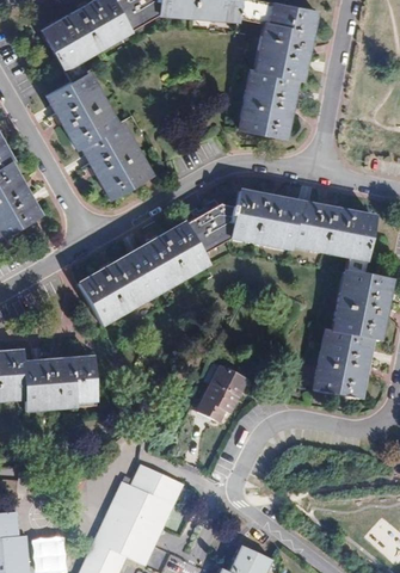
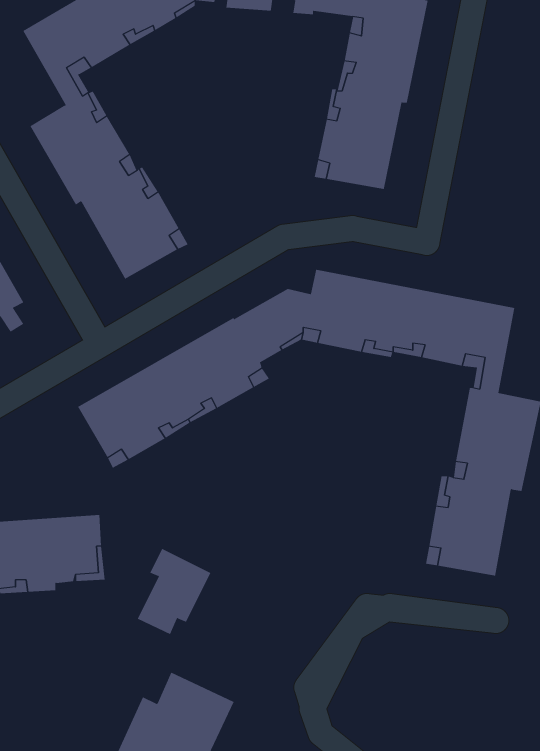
building: [198,363,248,421] -> [137,548,211,635]

